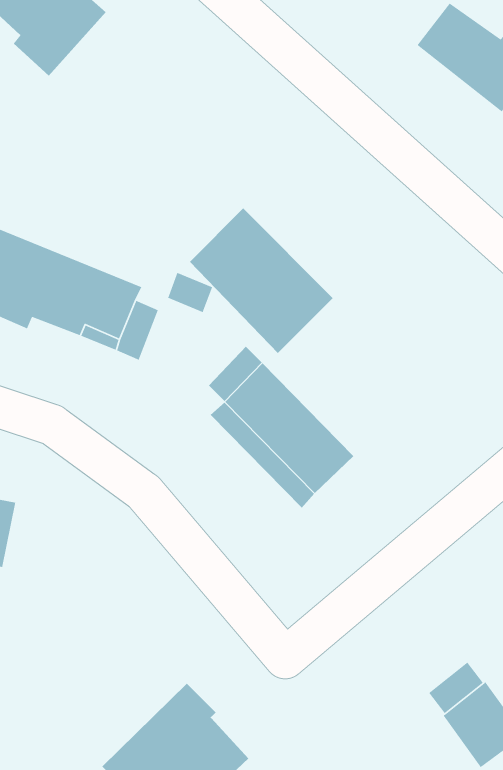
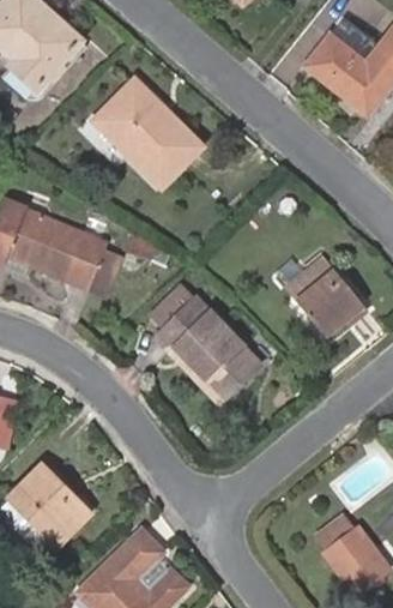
building: [189,208,334,354] -> [97,79,202,186]
building: none -> [288,254,365,338]
building: none -> [10,464,91,547]

